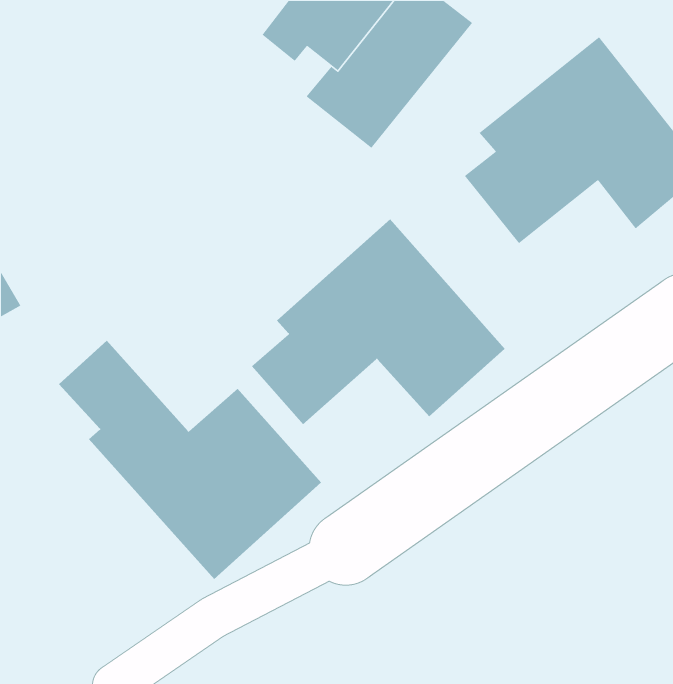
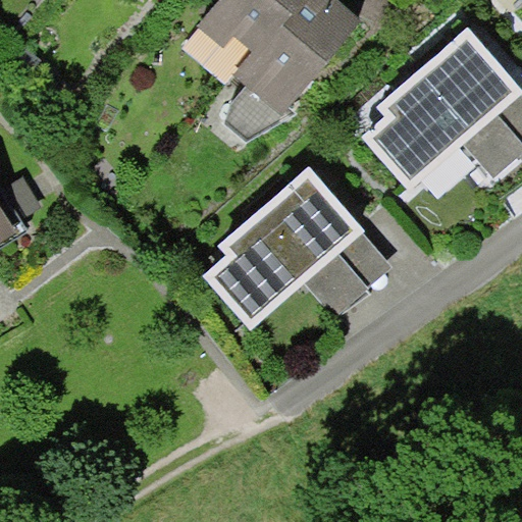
building: [58,340,322,580] -> none

